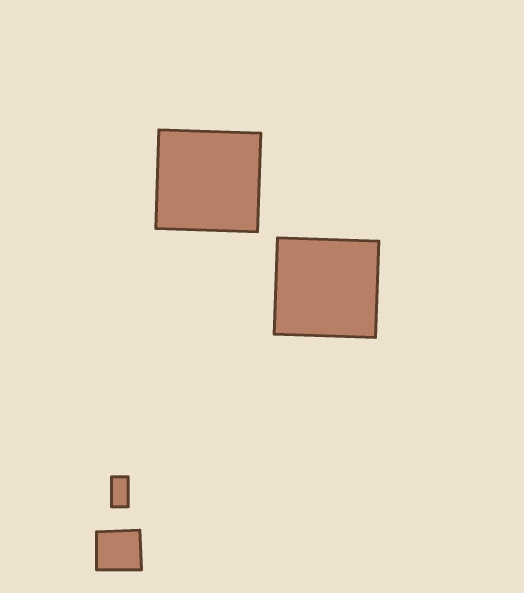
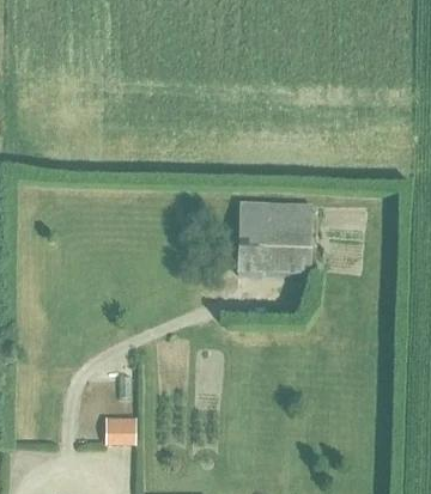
building: [156,130,261,232] -> none

